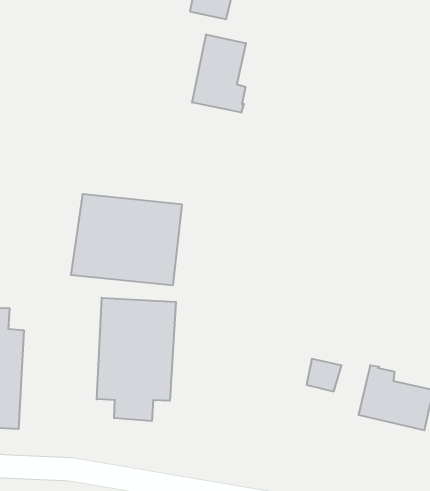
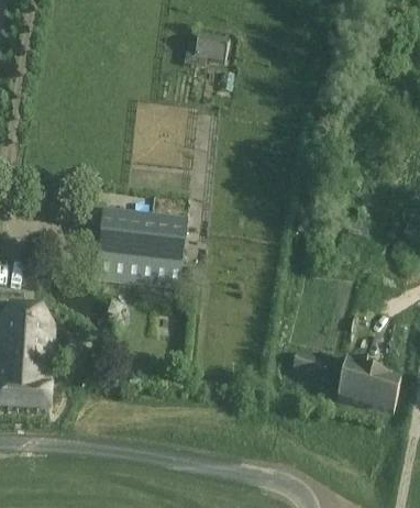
building: [192,34,246,113] -> none
building: [97,298,176,421] -> none

